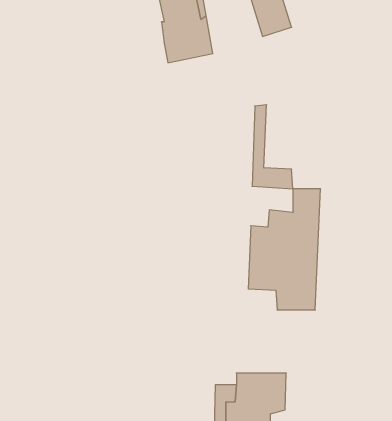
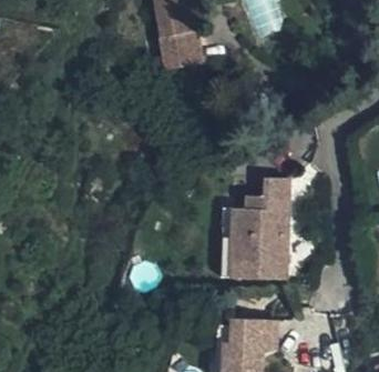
building: [252,105,293,189] -> [224,205,258,277]

